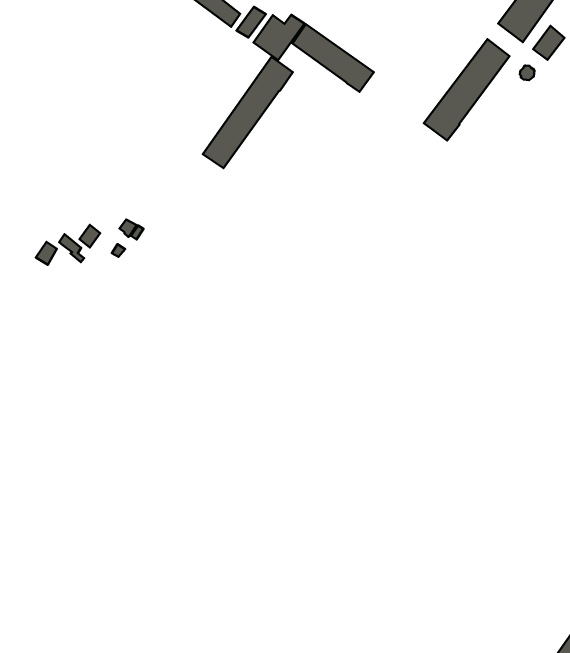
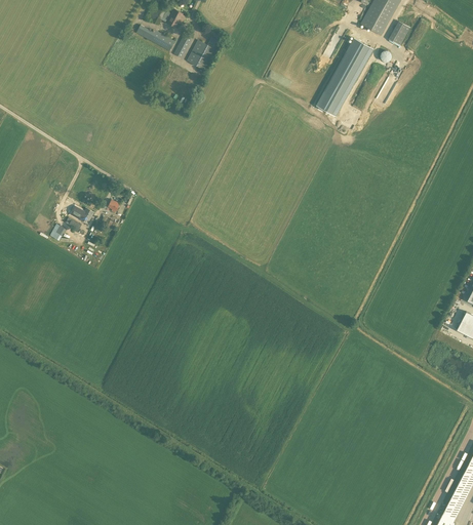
building: [292,24,374,92] -> none
building: [203,57,293,168] -> none

